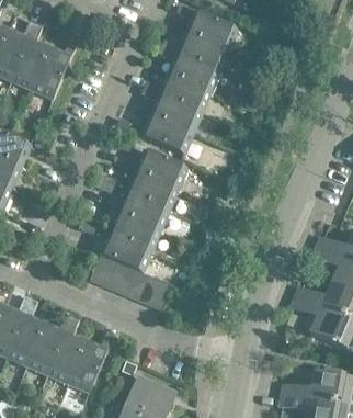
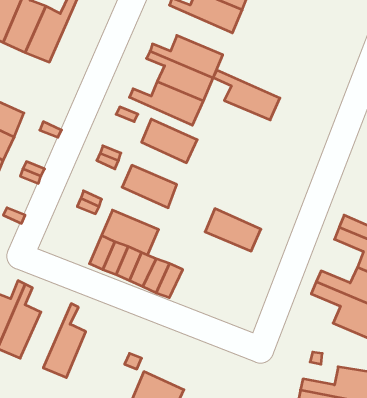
building: [158,45,218,90] -> [213,70,280,120]
building: [127,169,176,207] -> none
building: [110,210,160,248] -> [205,209,261,251]
building: [26,313,72,373] -> none
building: [68,330,114,391] -> none

